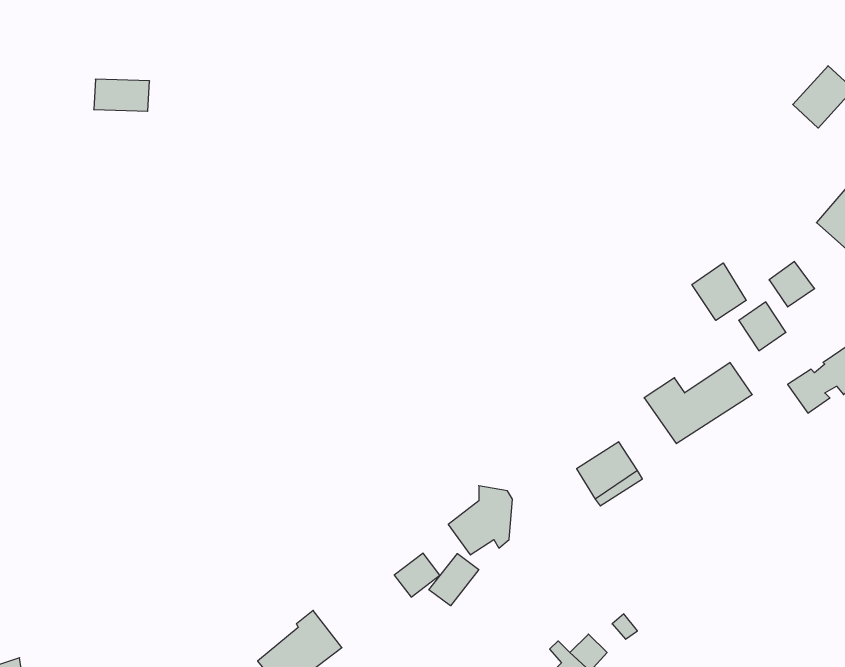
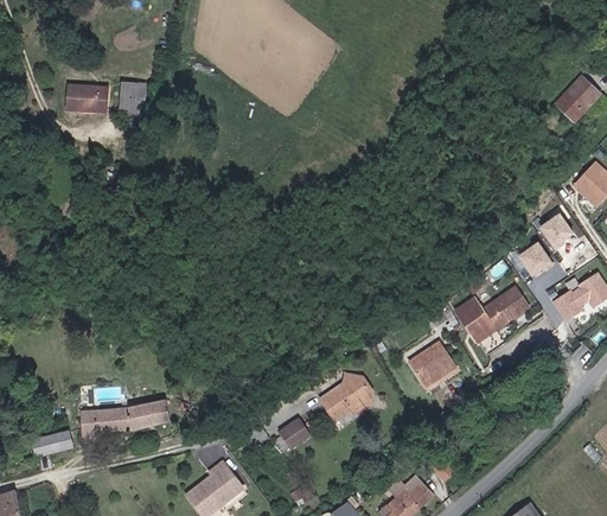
building: none -> [123,81,149,115]
building: [692,263,746,320] -> none
building: none -> [81,401,171,428]
building: [429,554,479,606] -> none
building: none -> [32,429,71,456]

